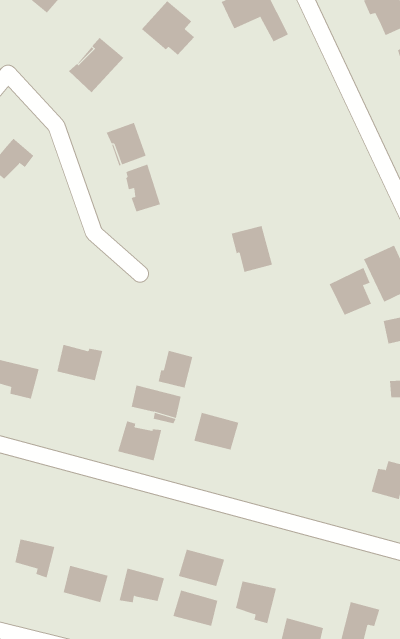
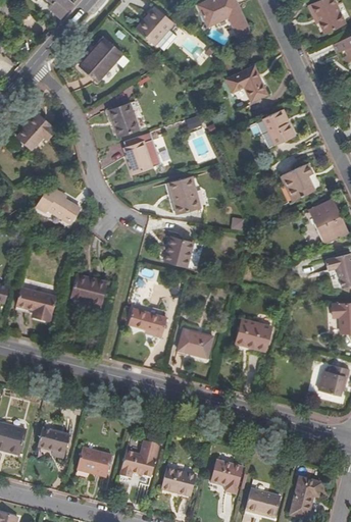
building: none -> [224,65,266,100]
building: none -> [262,108,295,144]
building: [231,226,273,273] -> [166,175,199,212]
building: none -> [35,185,70,217]
building: [329,267,372,315] -> [282,161,315,199]
building: [158,350,193,388] -> [164,236,192,265]
building: none -> [234,318,271,350]
building: [118,420,162,461] -> none
building: [178,549,225,587] -> none

